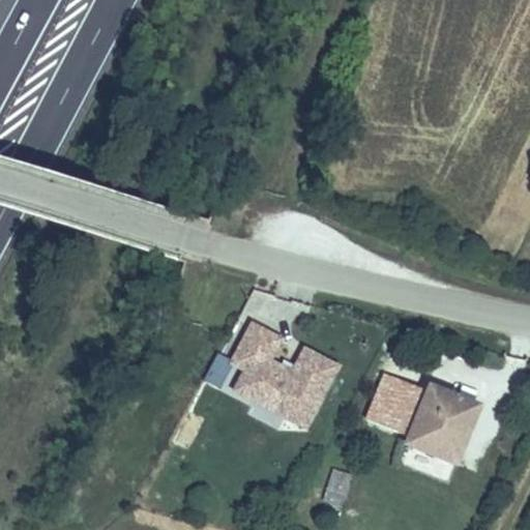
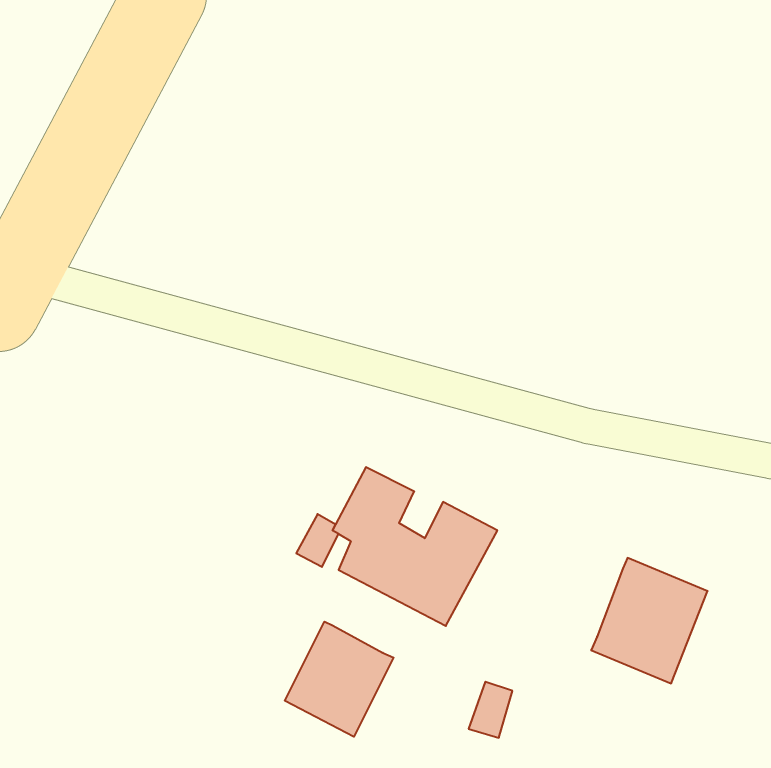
building: [365,372,426,436] -> none
building: none -> [285,622,394,737]

